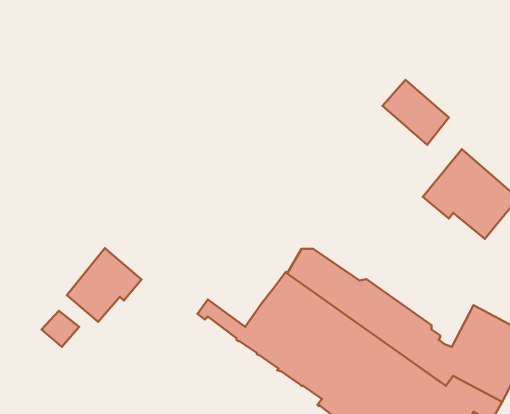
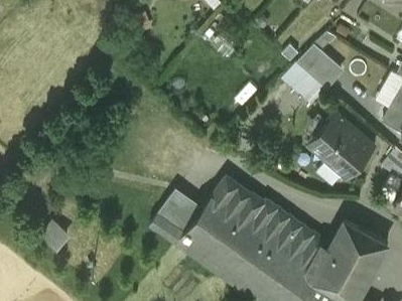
building: none -> [296,30,342,88]
building: [67,248,142,322] -> none
building: none -> [158,197,196,234]

